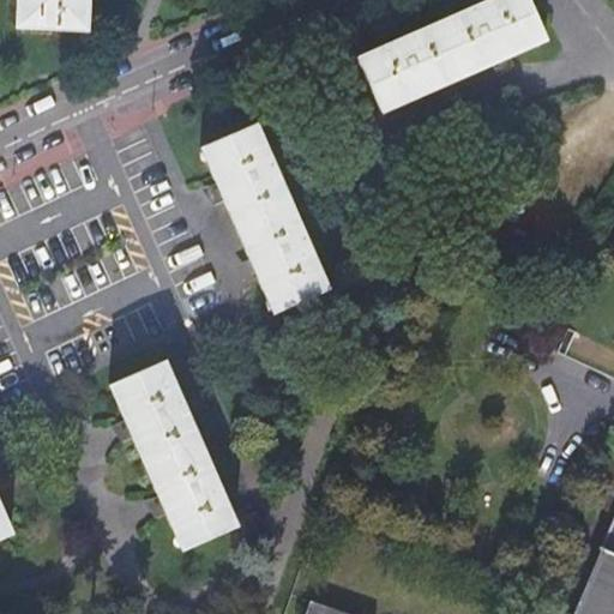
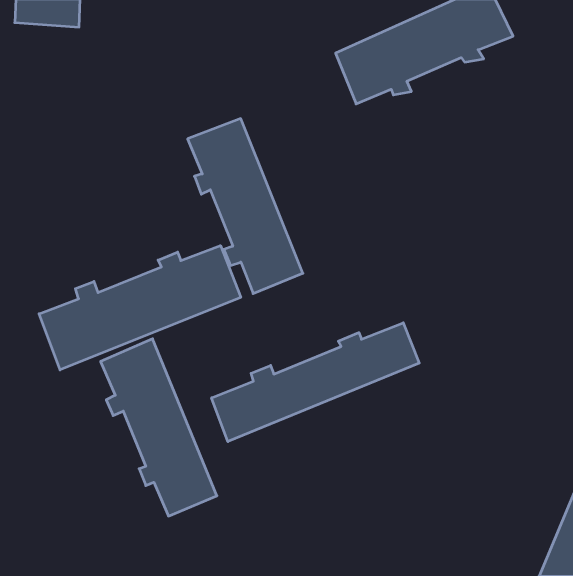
building: none -> [39,246,241,370]
building: none -> [212,323,419,442]

